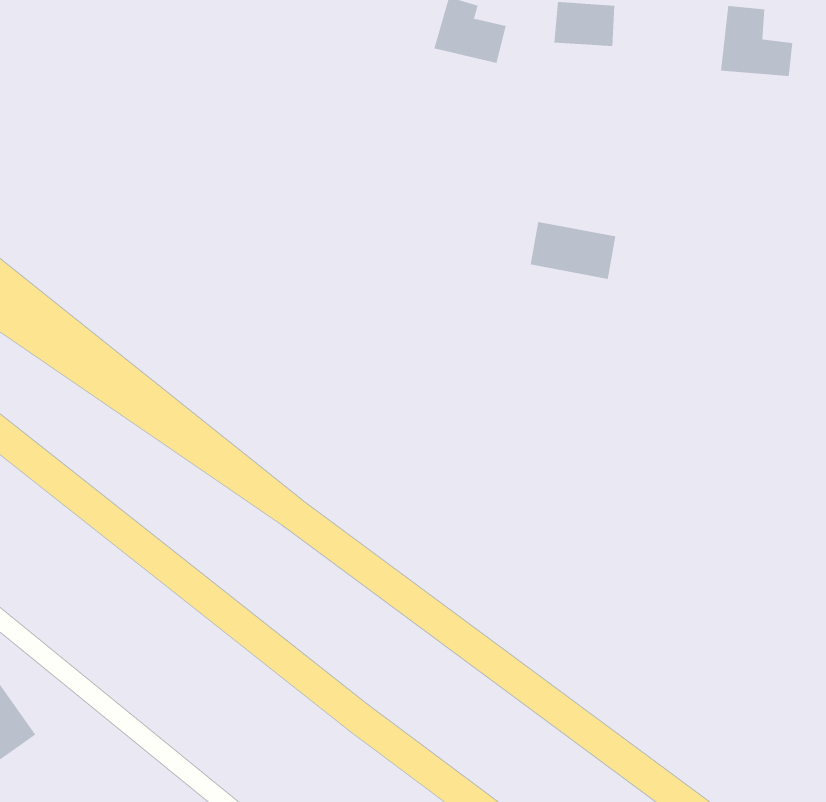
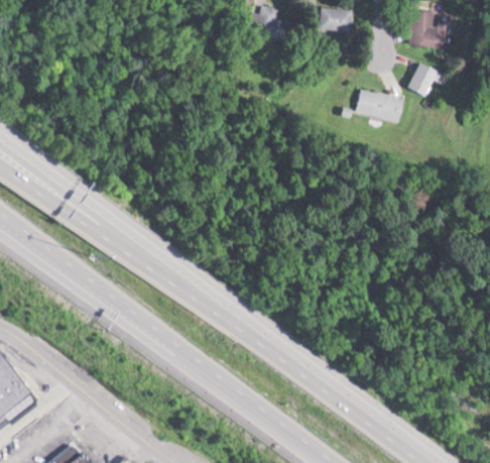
building: none -> [405,63,437,97]
building: [530,221,616,279] -> [356,90,402,121]

